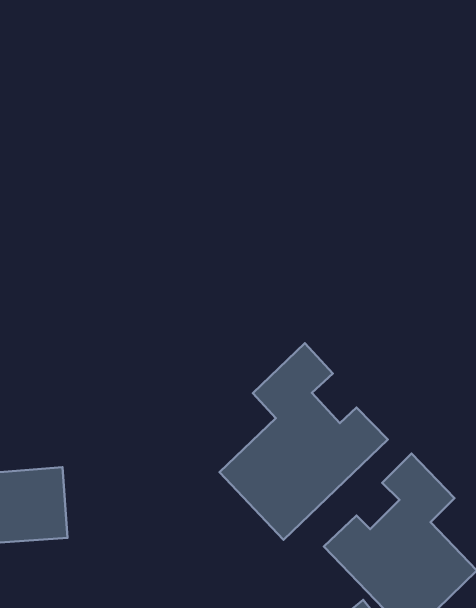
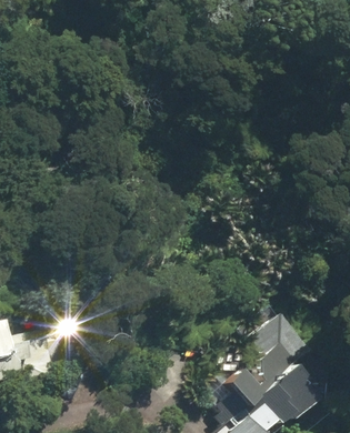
building: [219,343,388,540] -> none

